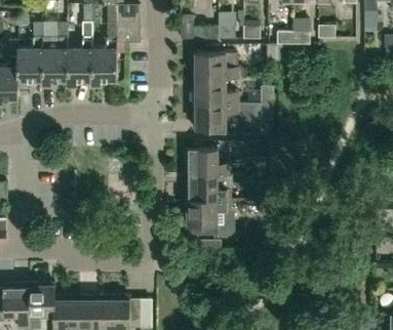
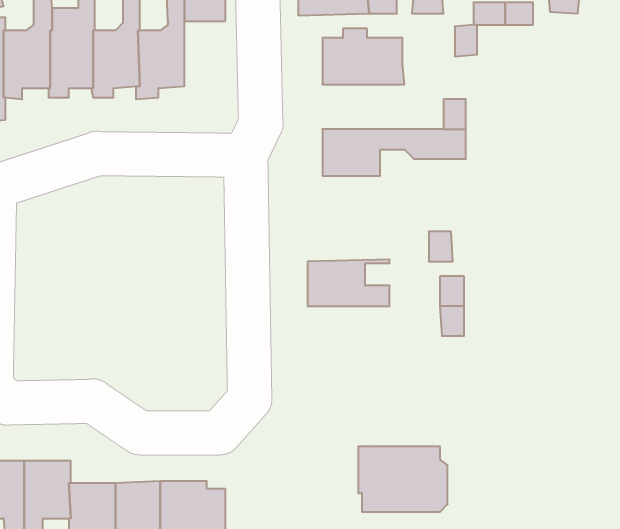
building: [194,78,239,102] -> none
building: [186,150,231,175] -> none
building: [186,200,235,236] -> [358,447,448,512]

